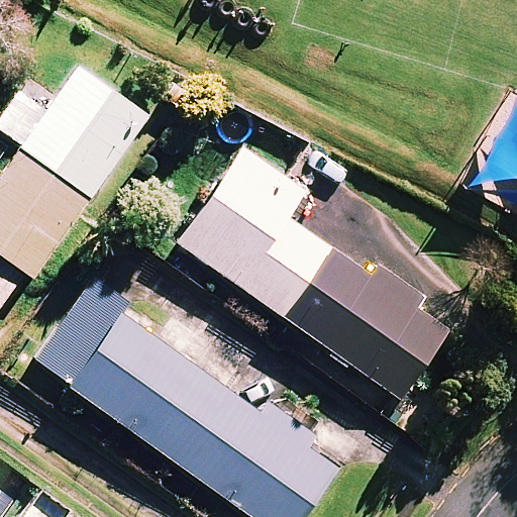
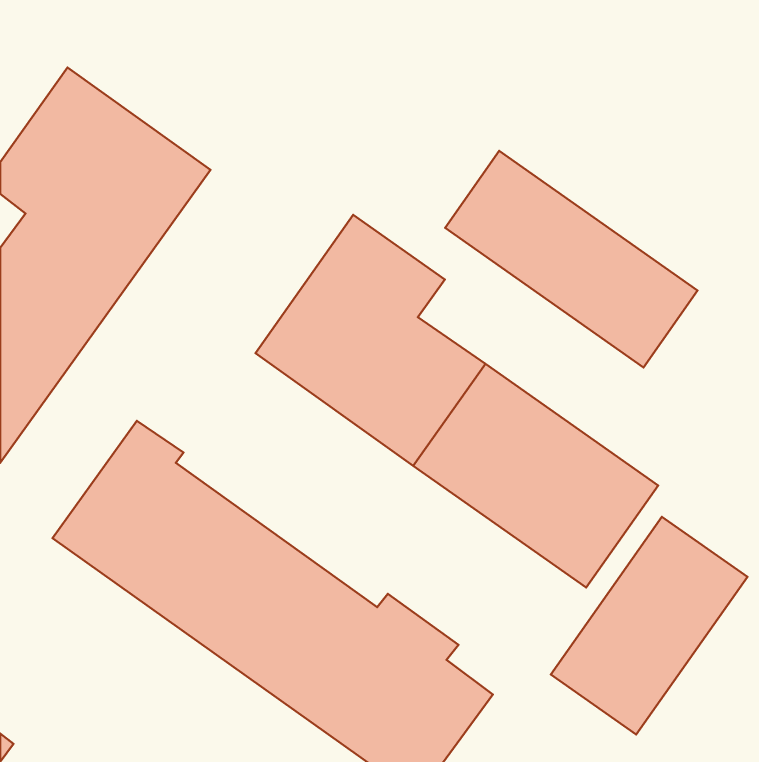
building: none -> [445,151,698,367]
building: none -> [551,517,747,735]

